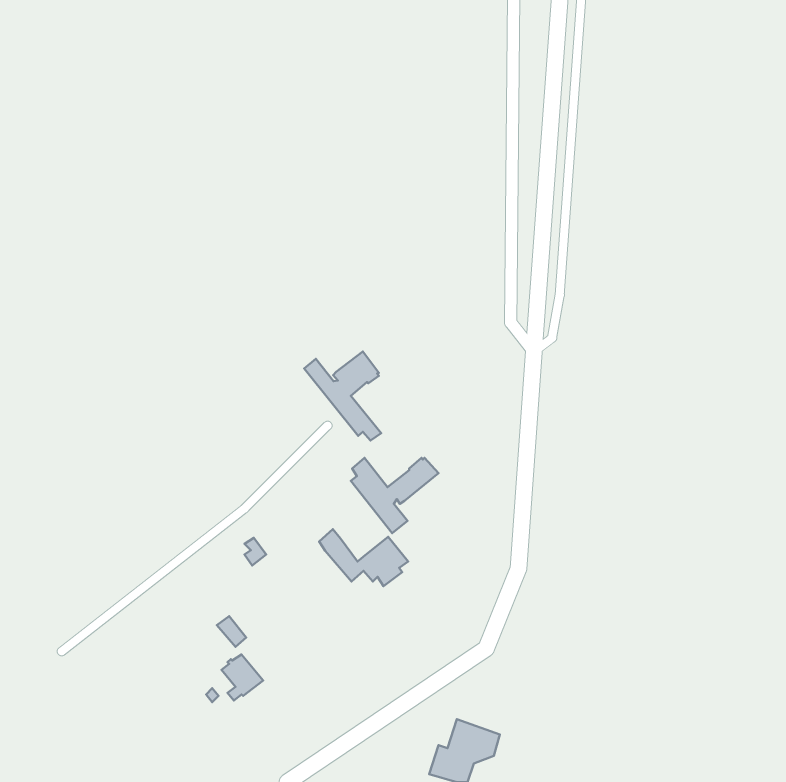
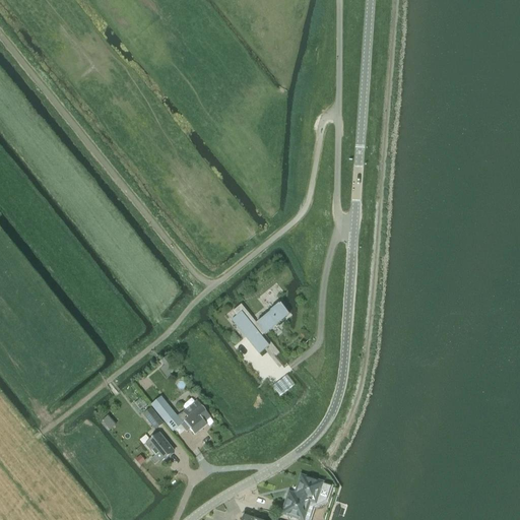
building: [304,351,381,440] -> none
building: [319,529,408,586] -> [151,395,210,433]

